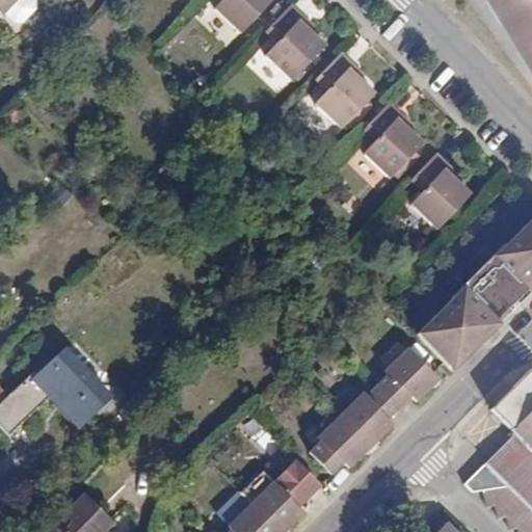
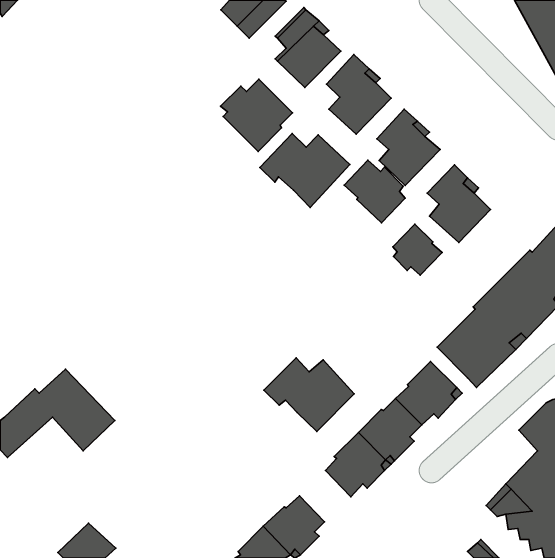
building: none -> [221,79,292,151]
building: none -> [260,134,350,207]
building: none -> [344,160,405,223]
building: none -> [393,224,442,275]
building: none -> [264,358,354,431]

